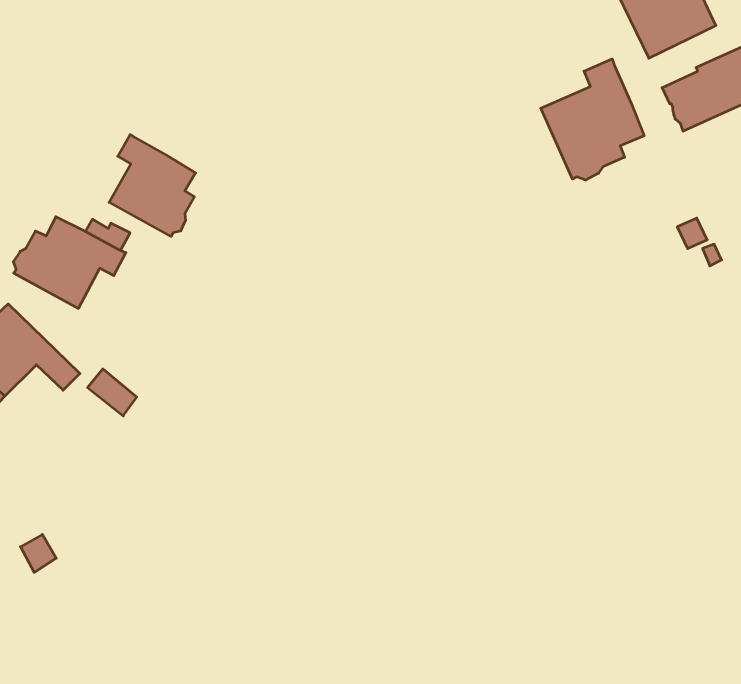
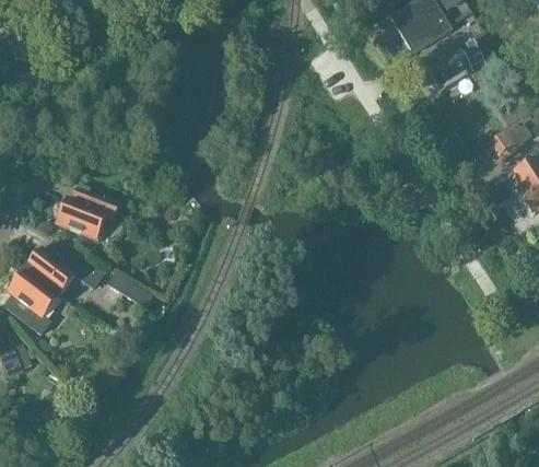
building: [541,59,644,180] -> none
building: [109,135,196,236] -> none

